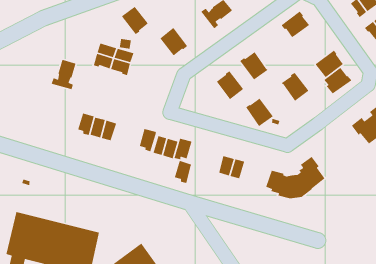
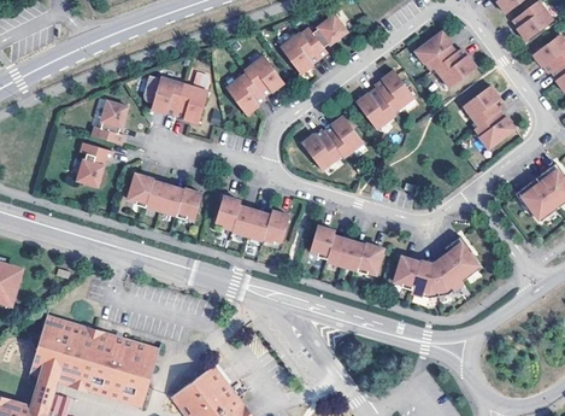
building: [121,6,149,35] -> [229,75,267,116]
building: none -> [283,35,323,77]
building: none -> [435,51,477,90]
building: [281,72,310,102] -> [377,72,417,115]
building: none -> [81,143,117,187]
building: [245,98,274,127] -> [304,130,343,171]
building: none -> [179,189,206,221]
building: [174,160,192,184] -> [311,225,336,259]
building: none -> [359,242,384,274]

